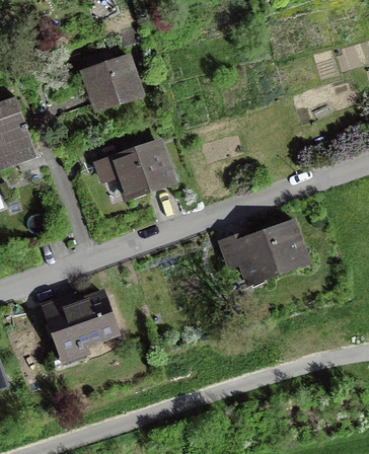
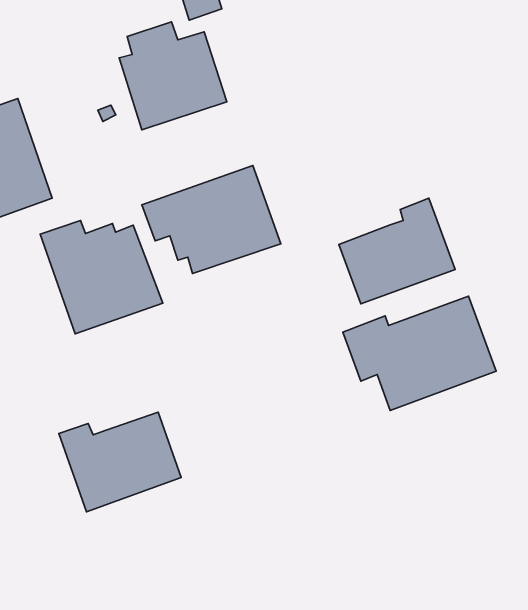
building: none -> [339,198,455,304]
building: none -> [40,220,163,334]

